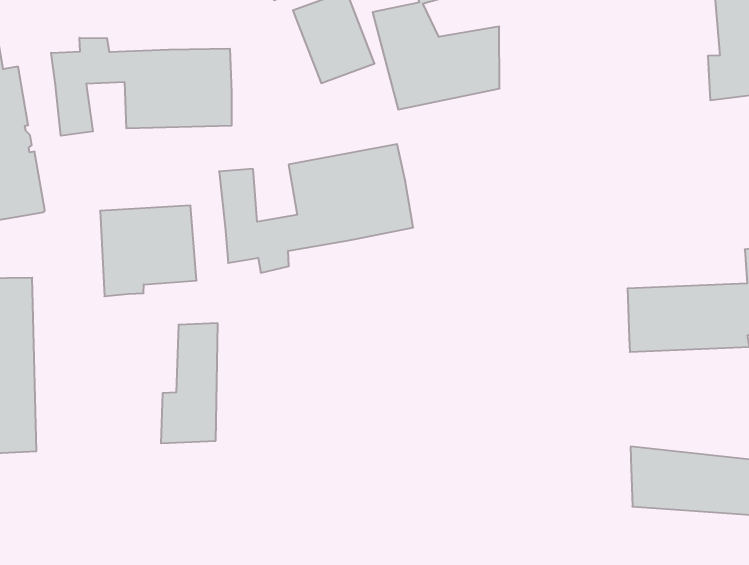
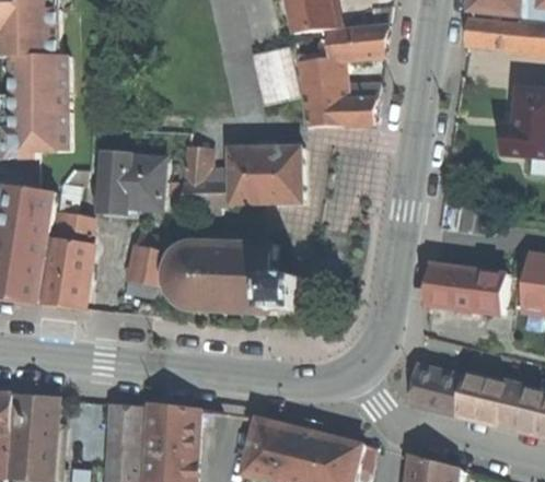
building: [51,38,232,136] -> none
building: none -> [44,184,93,307]
building: none -> [165,236,303,314]

